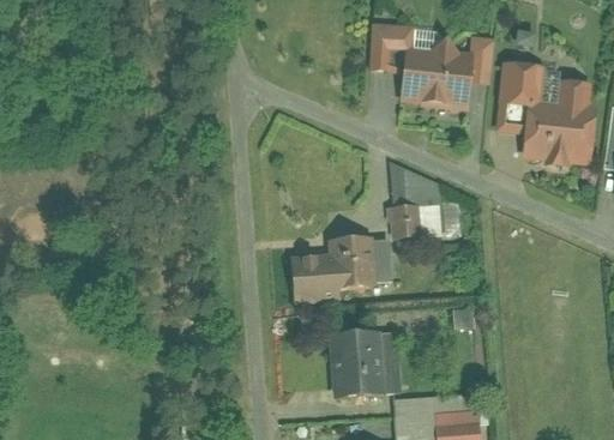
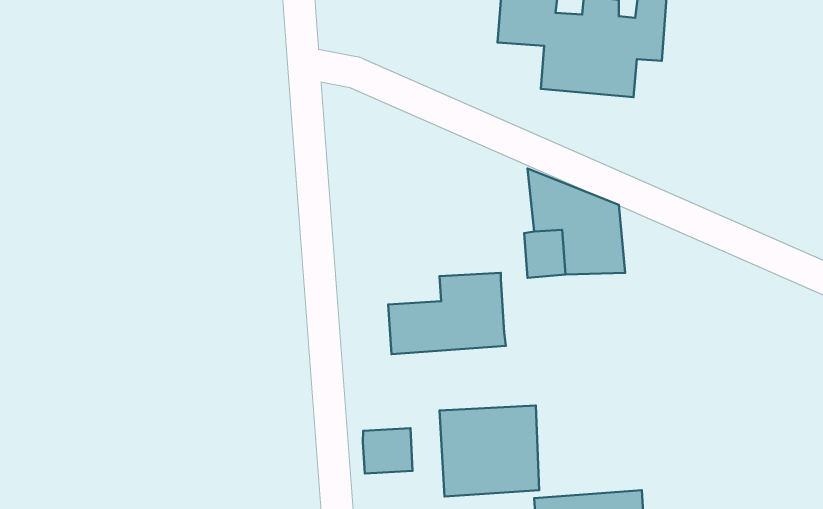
building: [498,61,597,169] -> none
building: [372,240,393,279] -> none
building: none -> [363,428,413,474]

